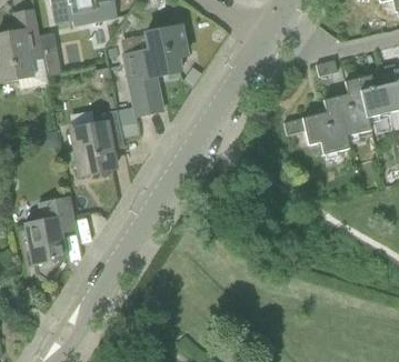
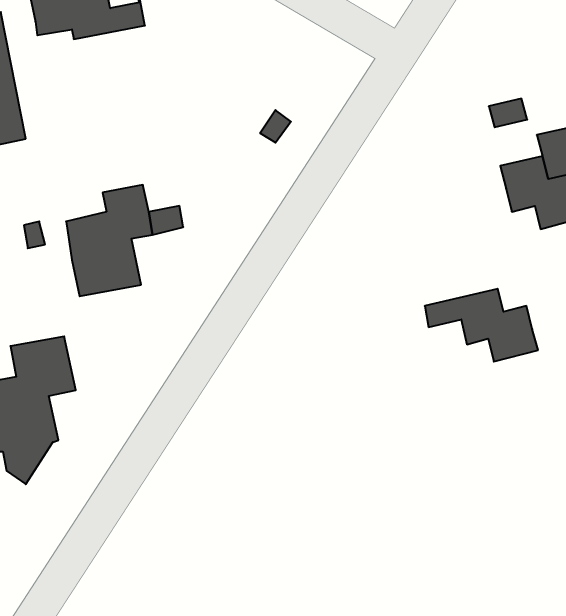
building: [123,24,186,114] -> none
building: [283,111,349,153] -> [425,289,538,362]

